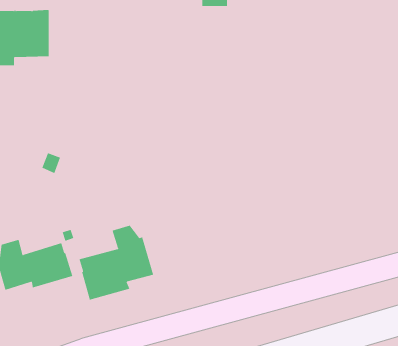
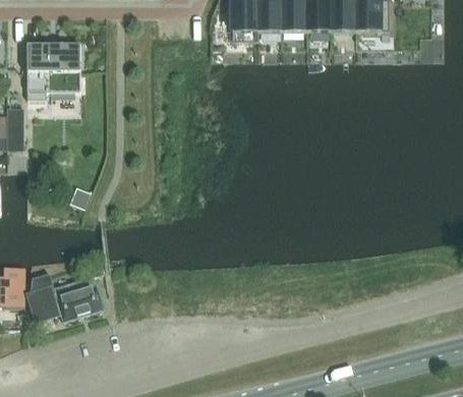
building: [79,225,154,301] -> none

